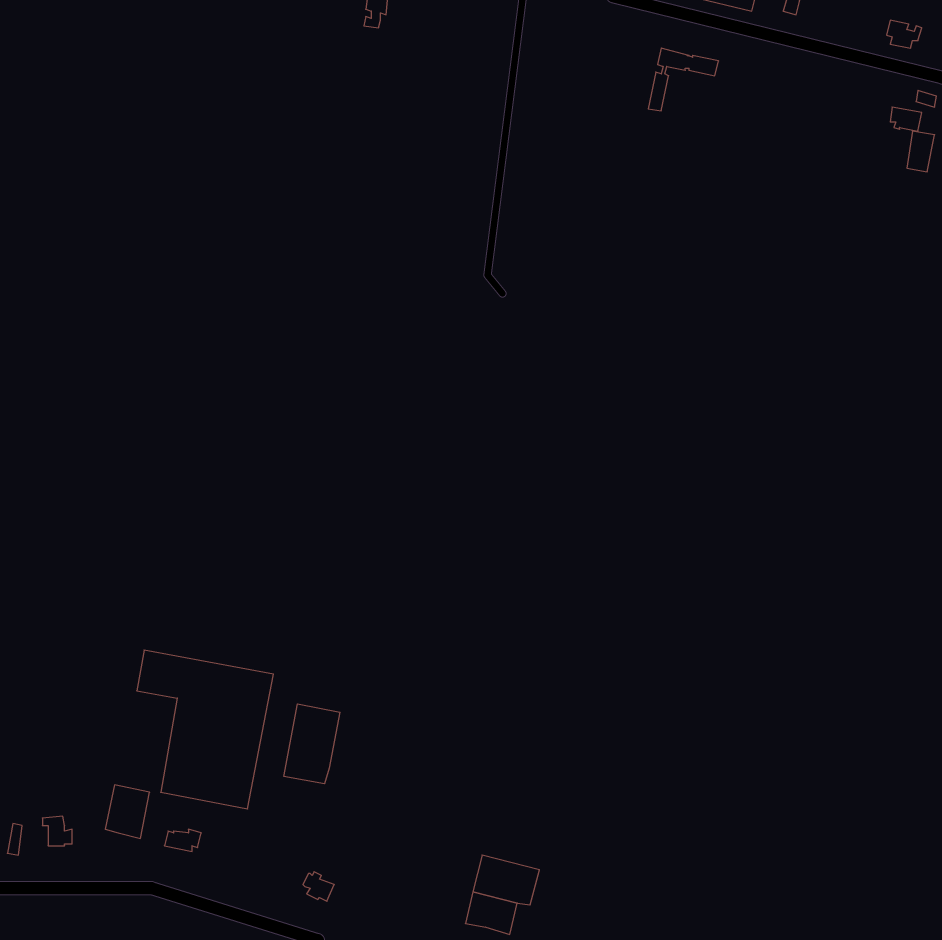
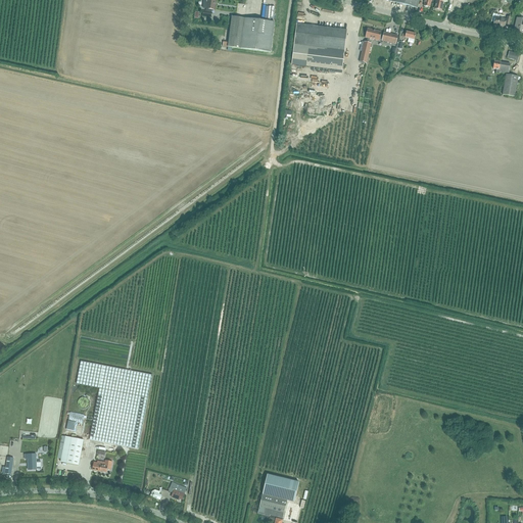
building: none -> [227,15,274,51]
building: none -> [291,22,346,69]
building: [284,704,340,784] -> none

